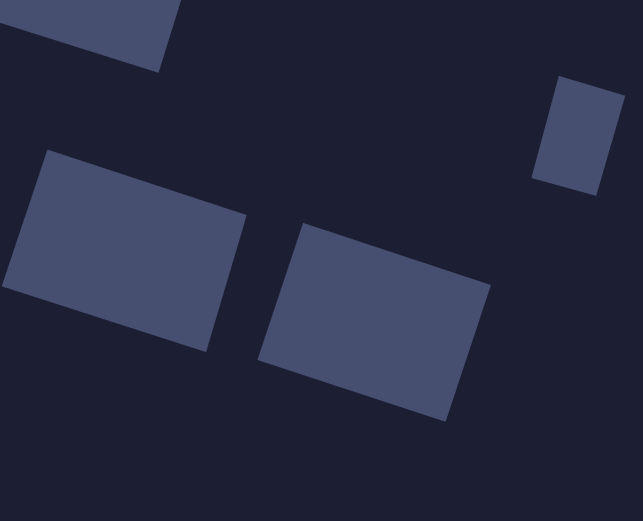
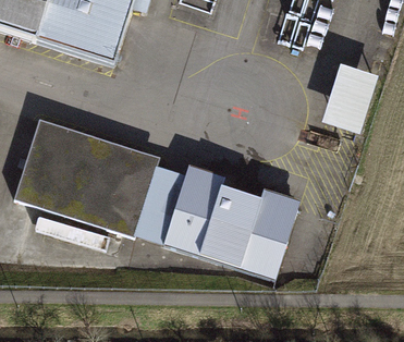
building: none -> [136,162,187,241]

